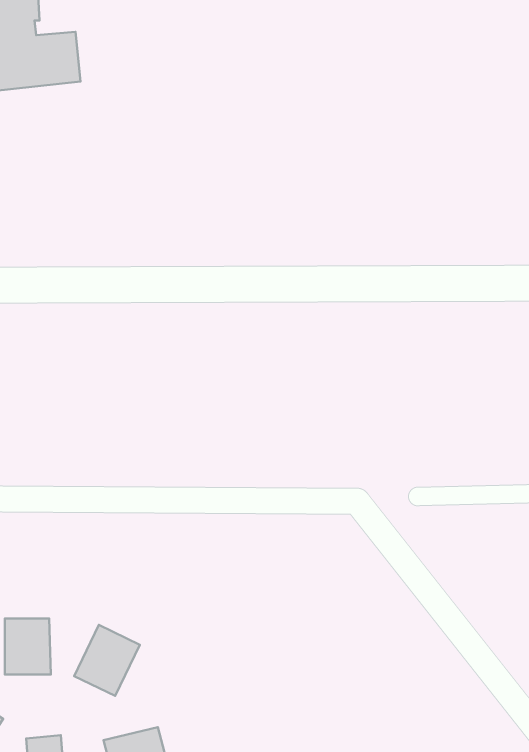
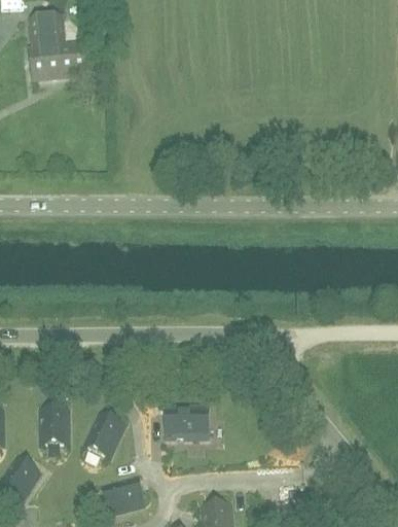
building: none -> [159,402,208,437]

